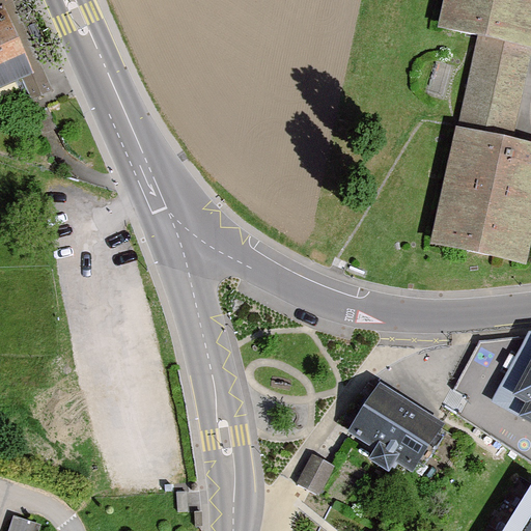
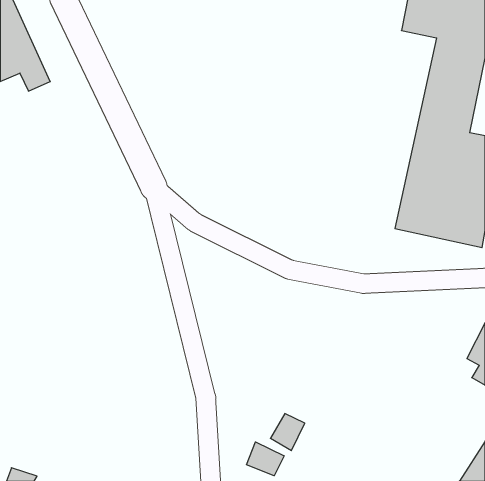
building: [345,378,443,470] -> none
building: none -> [247,442,284,476]

